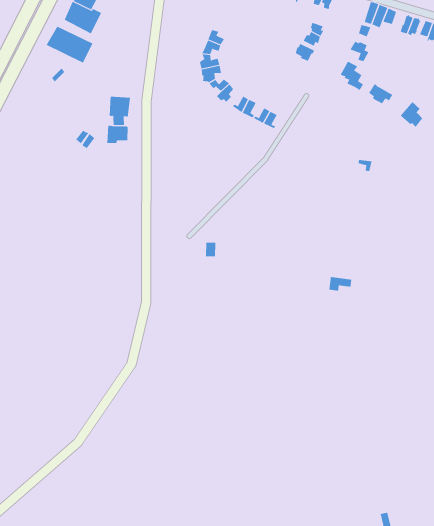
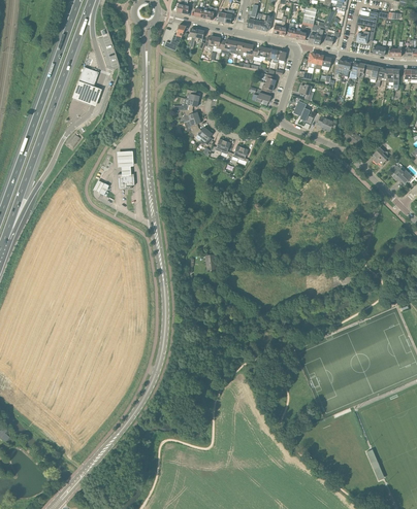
building: [46,26,93,64] -> none

